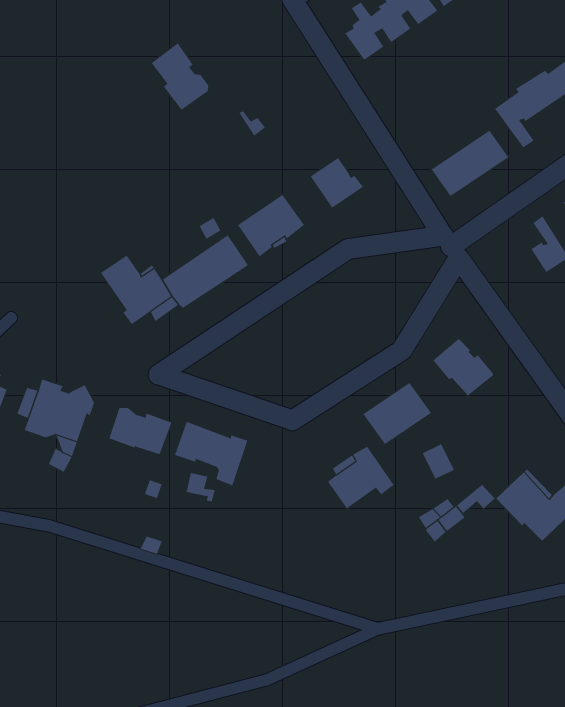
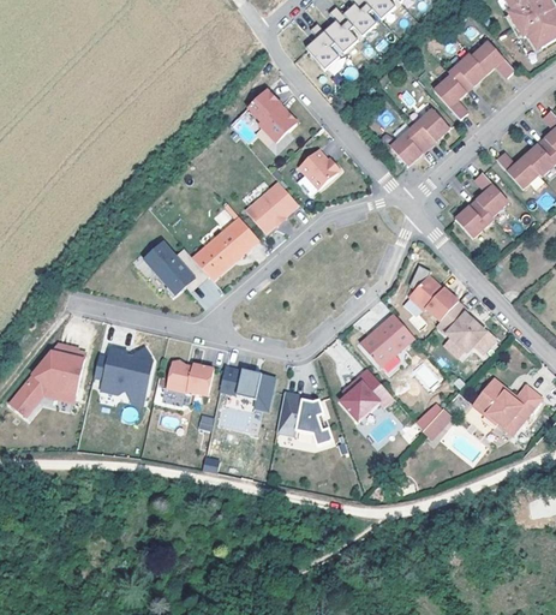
building: [151,42,209,110] -> [245,90,293,143]
building: none -> [454,198,492,237]
building: none -> [438,300,488,348]
building: none -> [277,393,328,446]

